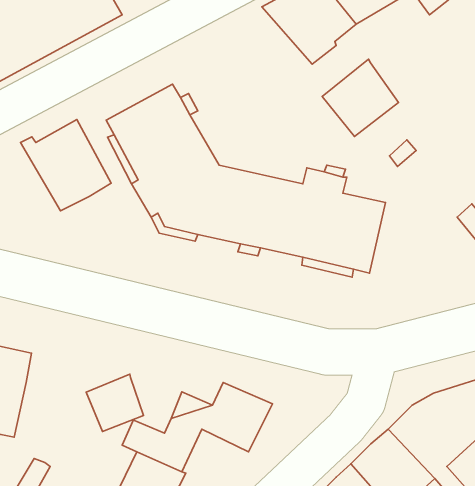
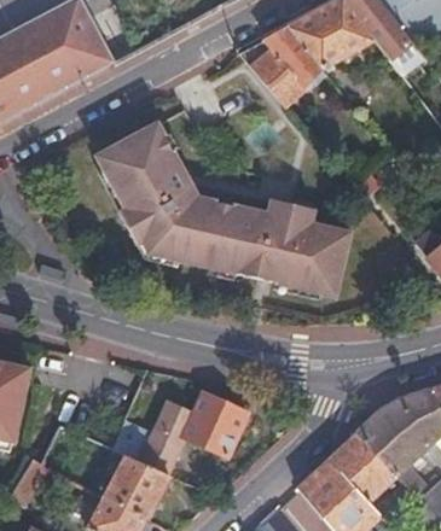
building: [322,59,399,137] -> none
building: [20,119,111,211] -> none
building: [86,374,144,432] -> none

